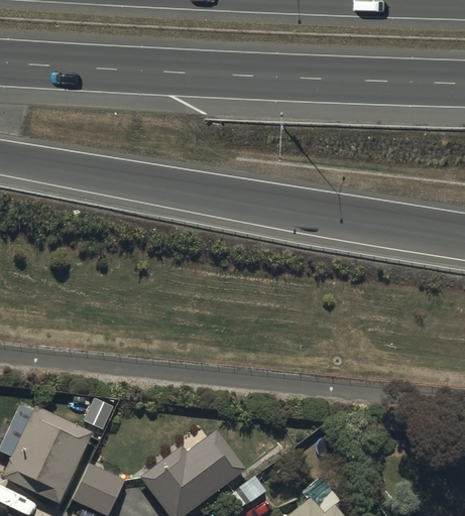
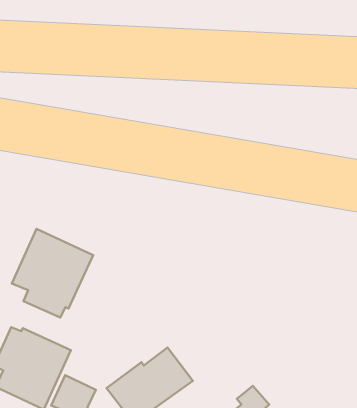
building: none -> [12,229,93,318]

